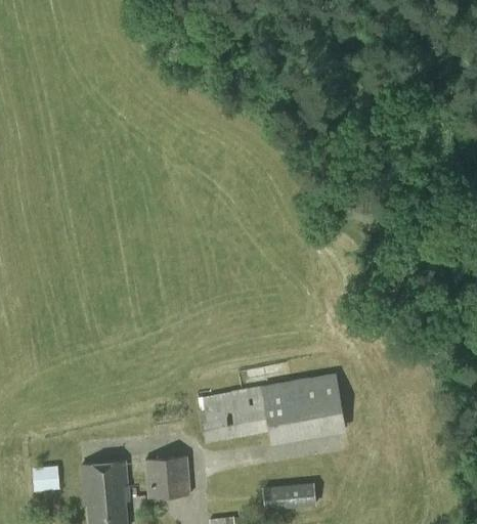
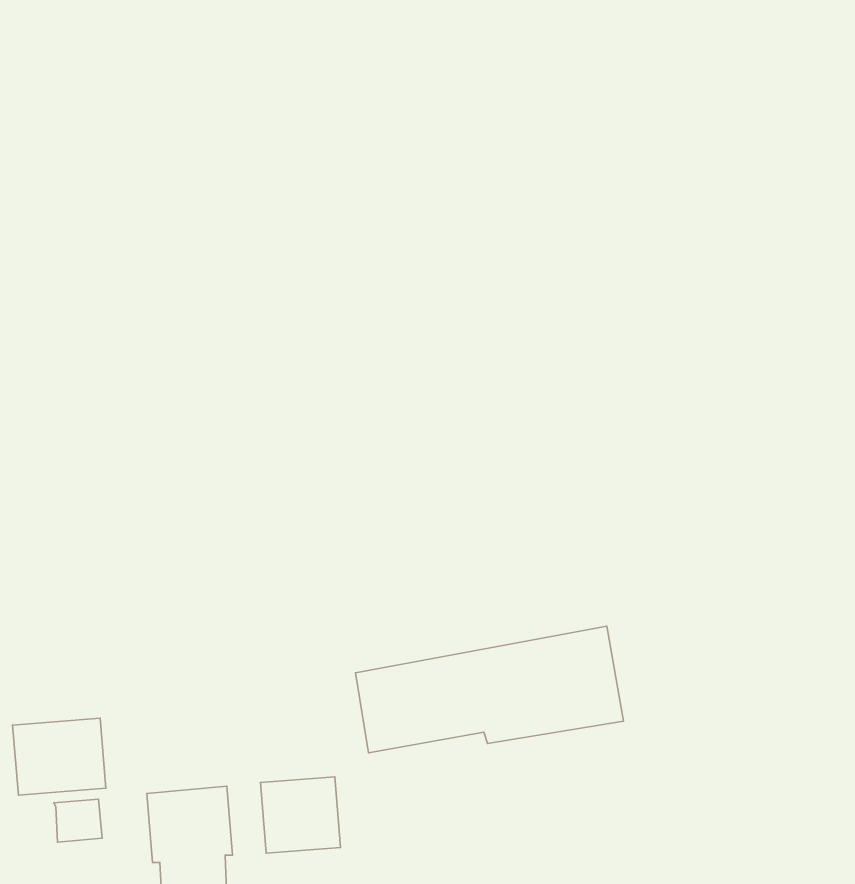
building: none -> [12,718,106,795]
building: [263,483,314,508] -> none

